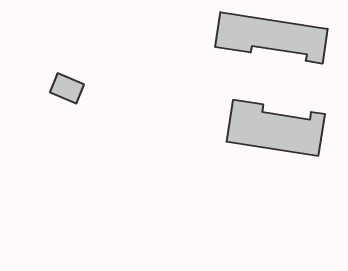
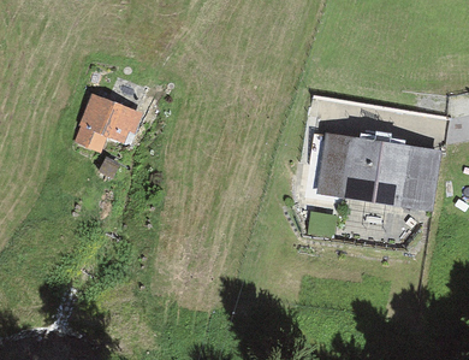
building: [215,12,328,64] -> none

